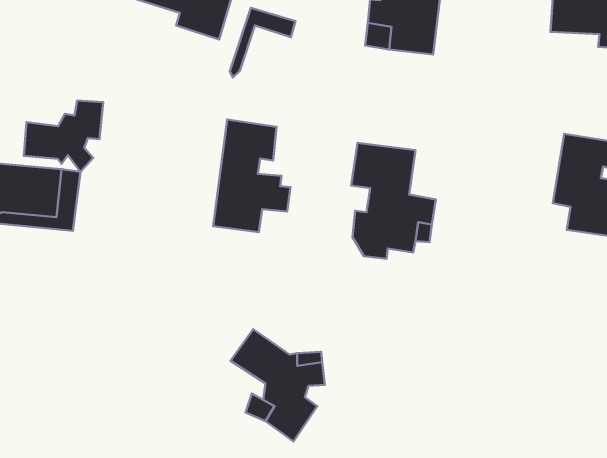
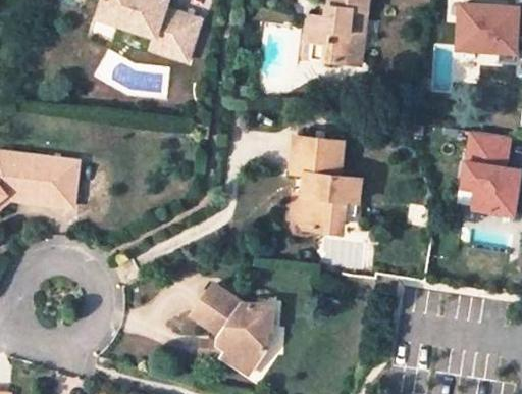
building: [230,8,296,77] -> none
building: [24,101,103,172] -> none
building: [213,120,291,232] -> none

